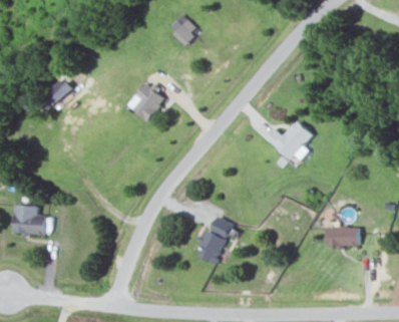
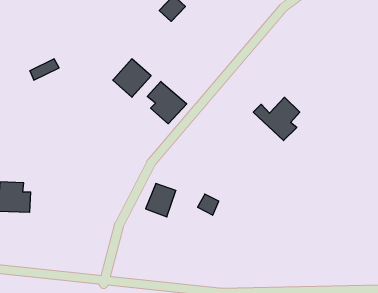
building: none -> [147,81,187,124]
building: [327,227,358,247] -> none
building: [194,231,225,264] -> [146,184,176,217]

